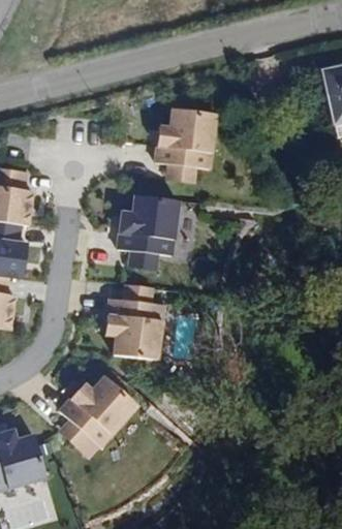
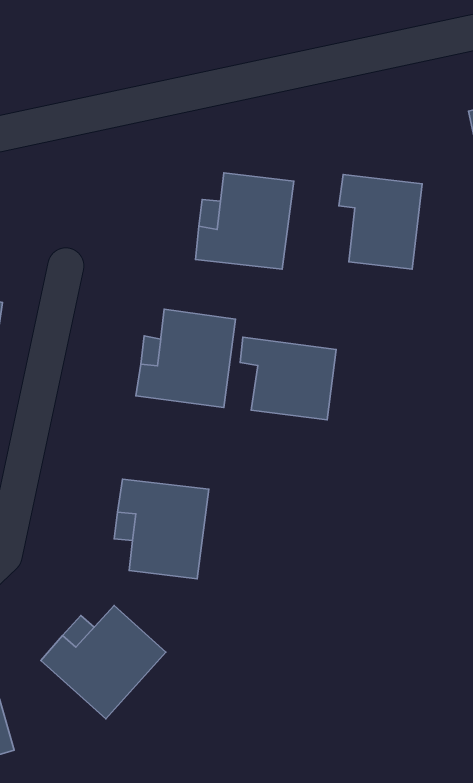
building: none -> [339,174,422,269]
building: none -> [240,337,336,420]

